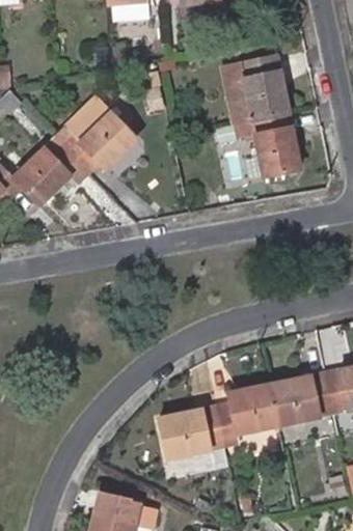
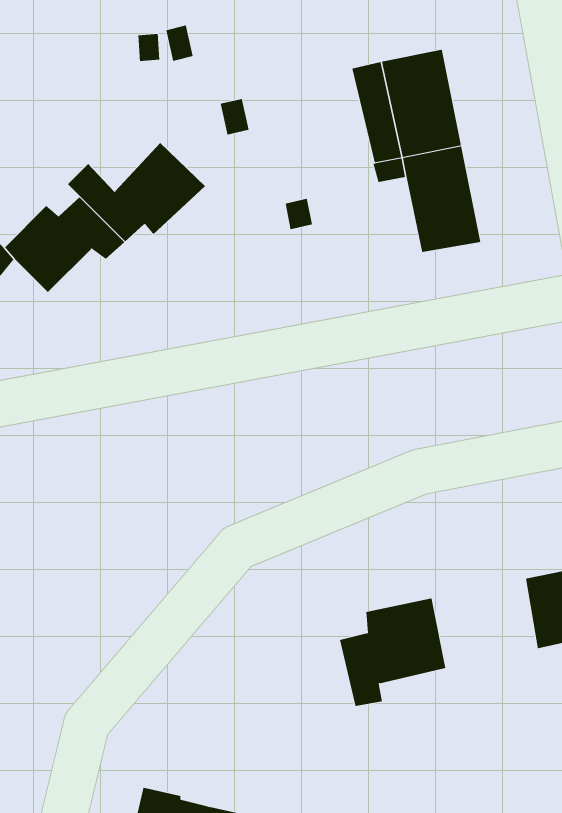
building: [67,99,110,142] -> none
building: [271,371,333,424] -> none
building: [162,408,225,458] -> none

